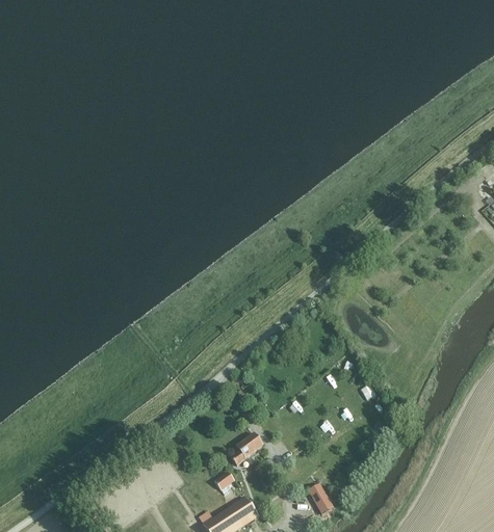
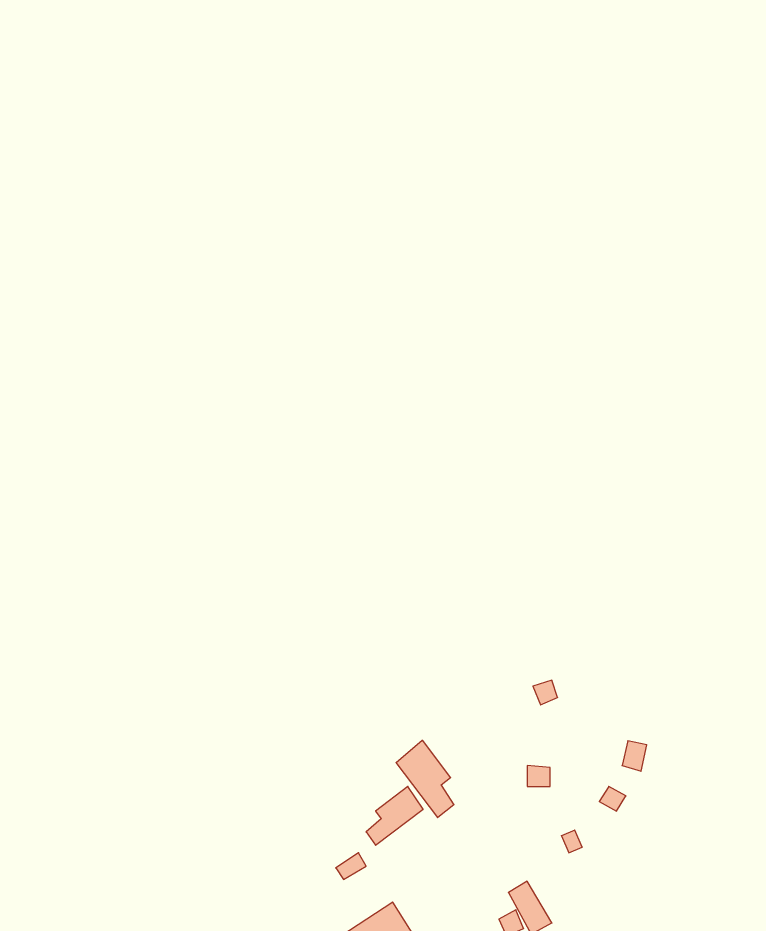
building: none -> [396,740,454,818]

